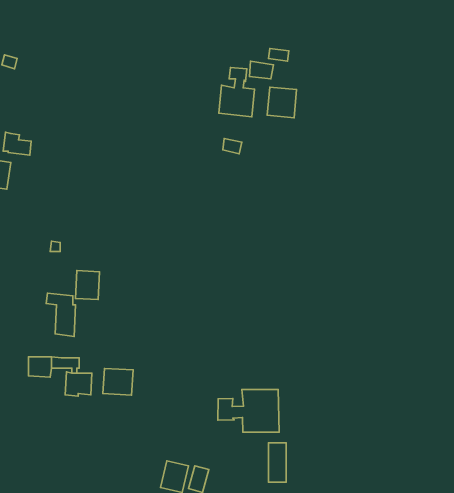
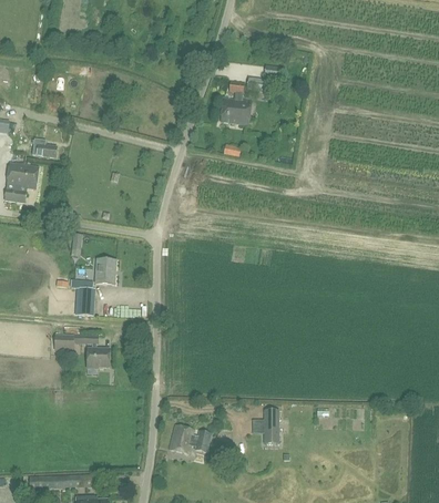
building: [267,87,297,118] -> none
building: [103,368,133,395] -> none
building: [218,390,279,432] -> none

